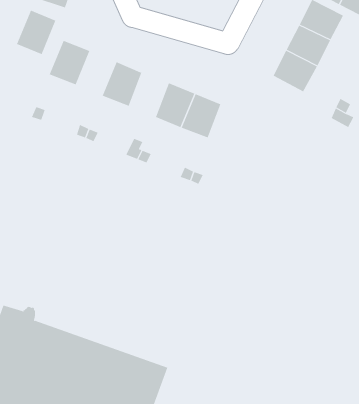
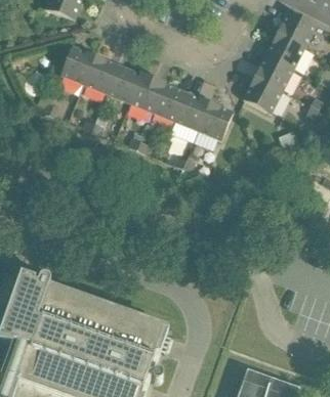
building: [16,10,56,55] -> [83,56,118,95]
building: none -> [129,73,164,114]
building: none -> [242,78,281,115]
building: none -> [198,102,233,141]

